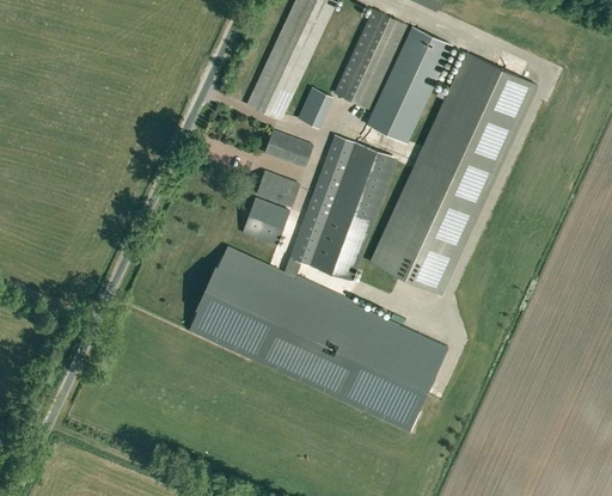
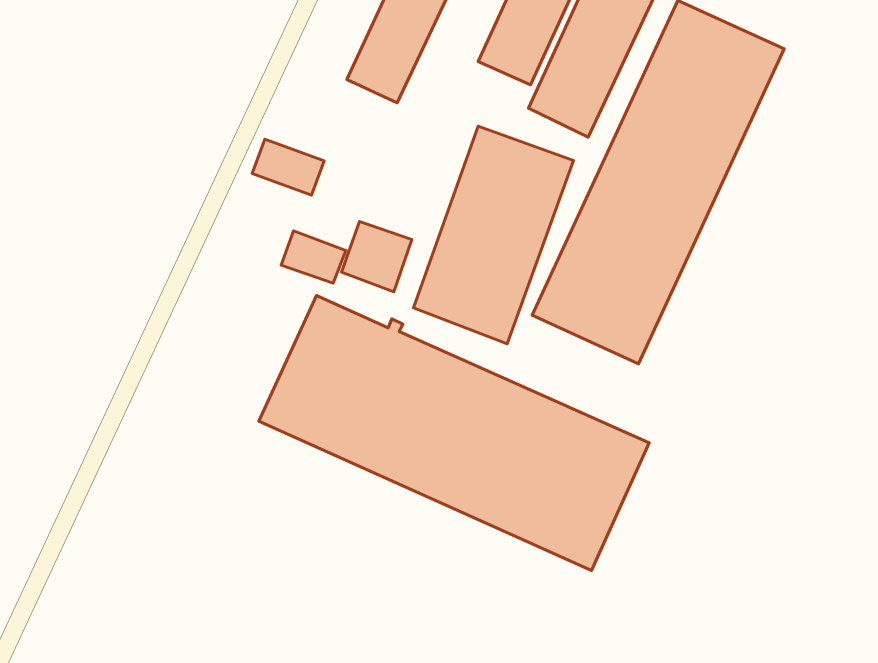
building: [298,86,332,127] -> none
building: [264,130,312,167] -> [252,139,324,195]
building: [256,171,299,206] -> [281,231,346,283]

